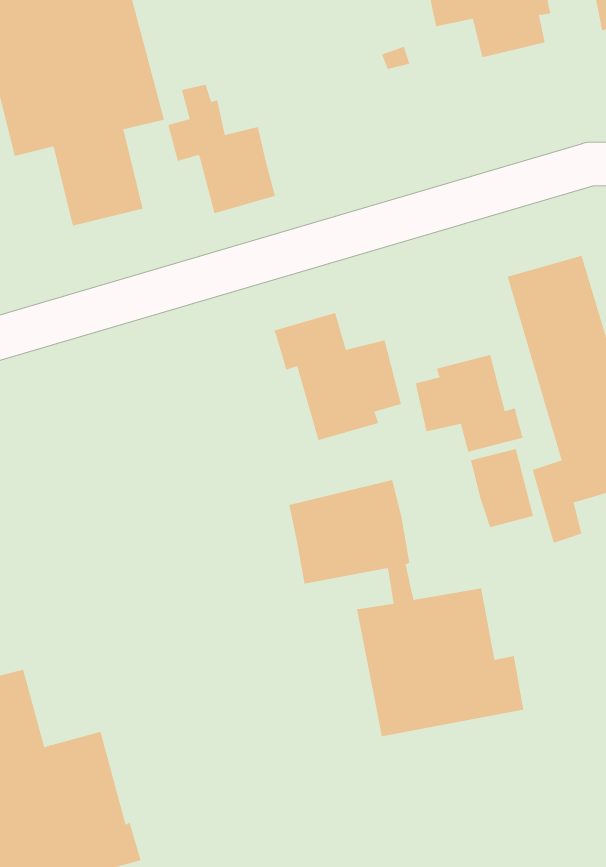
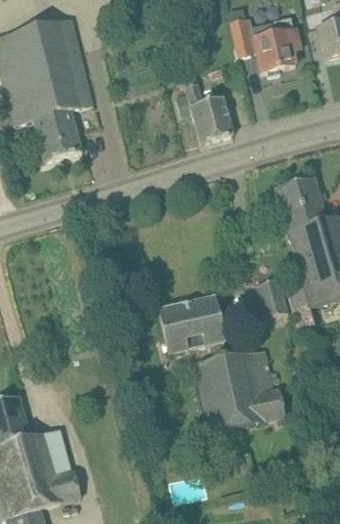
building: [168,84,276,214] -> [175,74,232,142]
building: [273,312,402,441] -> none
building: [415,354,524,452] -> none

